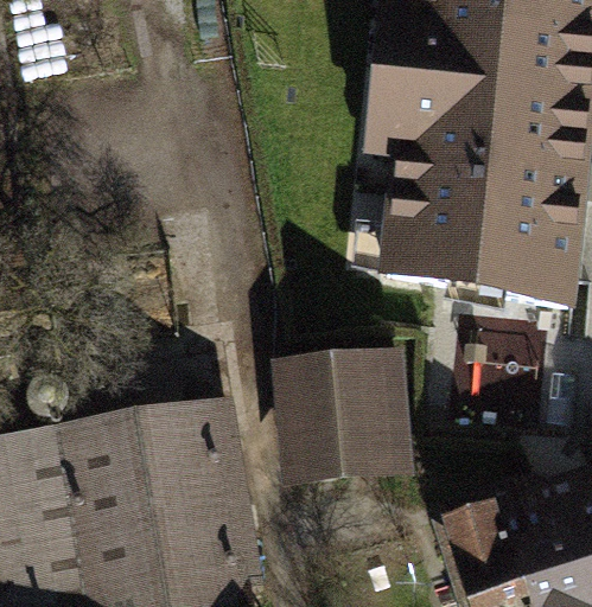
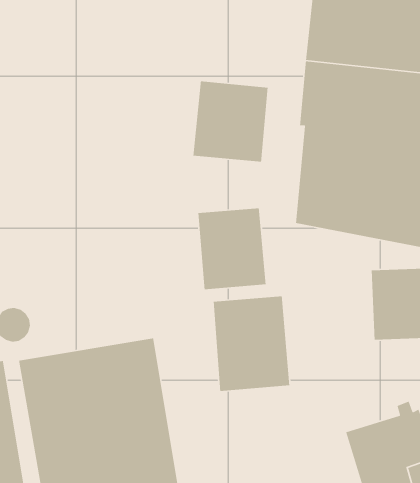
building: none -> [193,80,268,163]
building: none -> [198,207,267,290]

